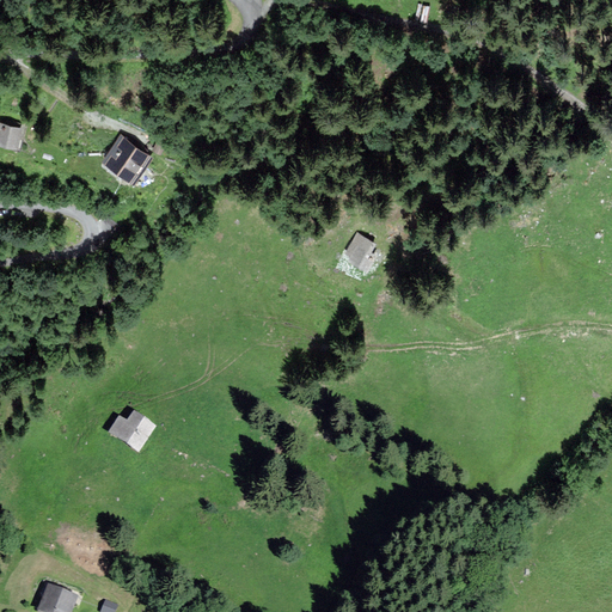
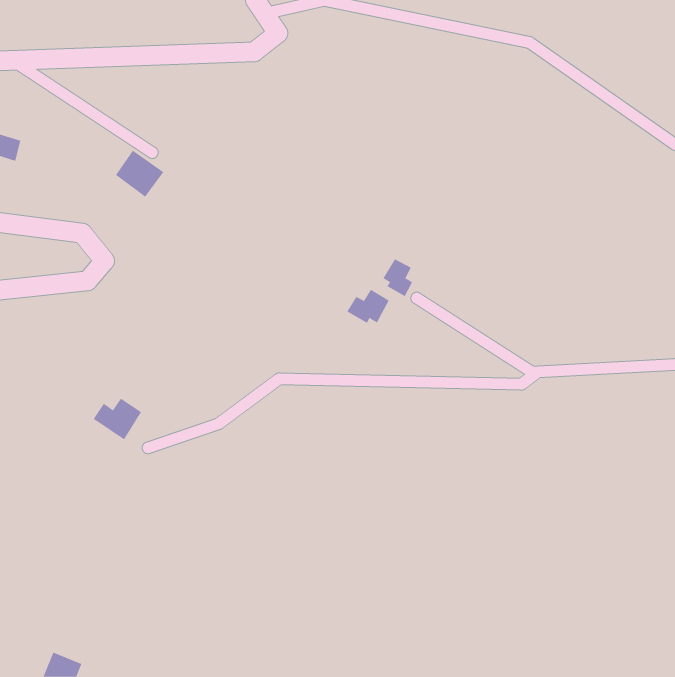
building: none -> [347,289,389,324]
building: [109,415,153,453] -> [93,398,142,440]

